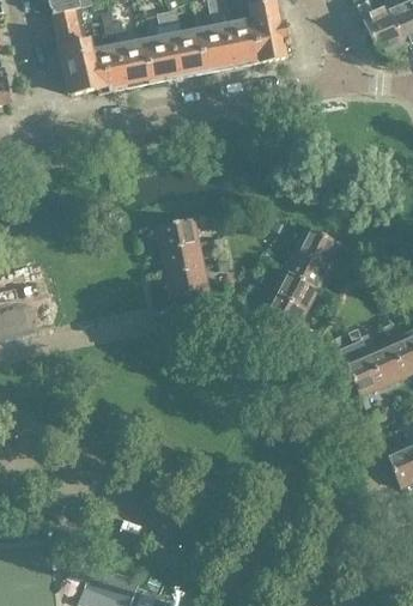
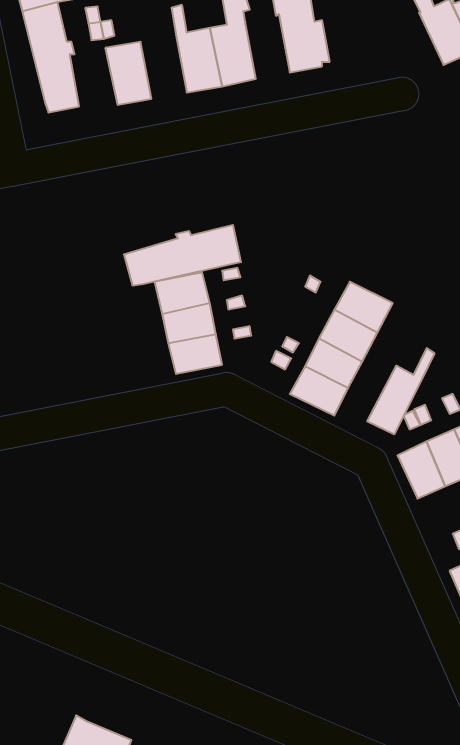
building: [146,12,182,83] -> none
building: [227,17,262,67] -> none
building: [91,43,128,93] -> none
building: none -> [124,225,241,286]
building: none -> [367,348,434,434]

